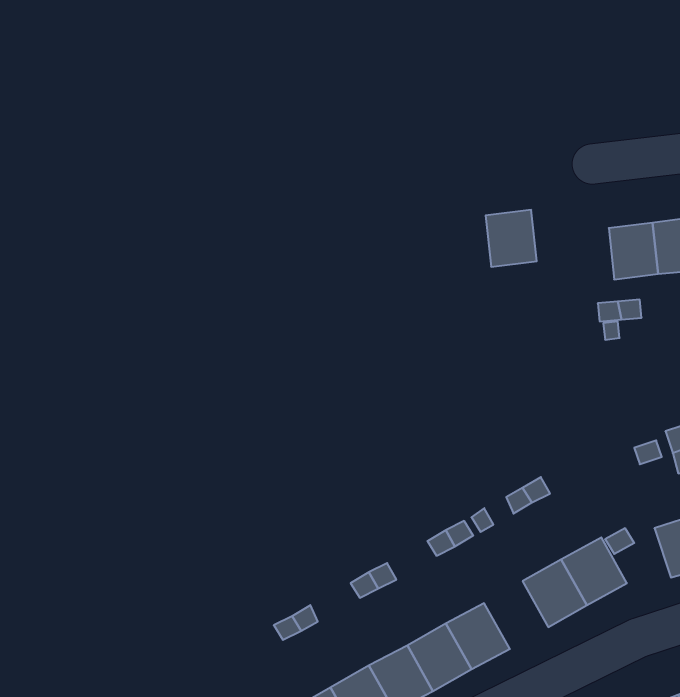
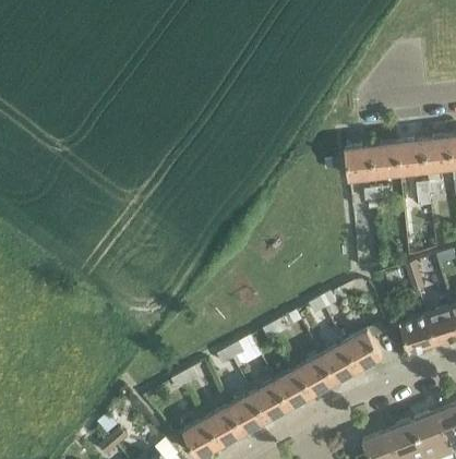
building: [486,210,537,267] -> [344,145,374,179]
building: none -> [297,355,335,396]

